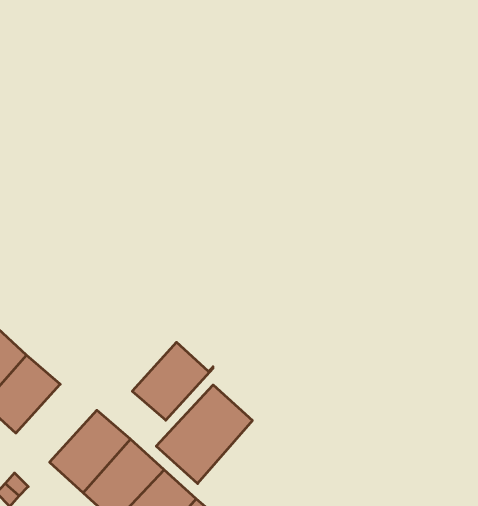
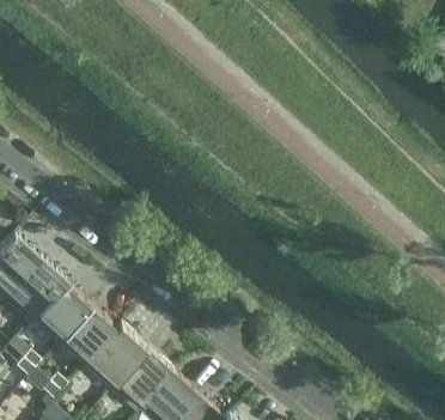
building: [132,342,213,420] -> [56,303,120,364]
building: [156,385,252,484] -> none

